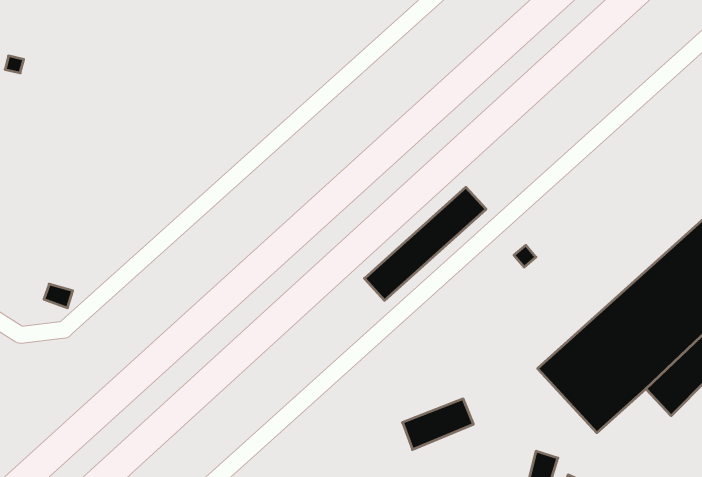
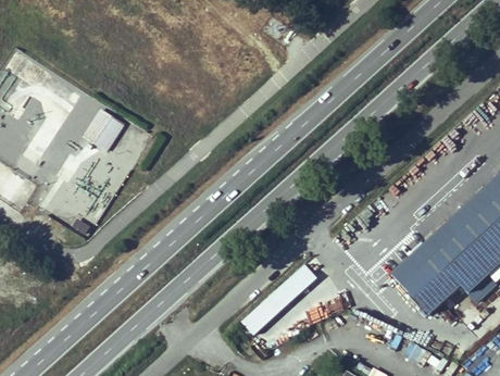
building: none -> [85,106,126,148]
building: [364,187,486,300] -> [240,262,318,335]

